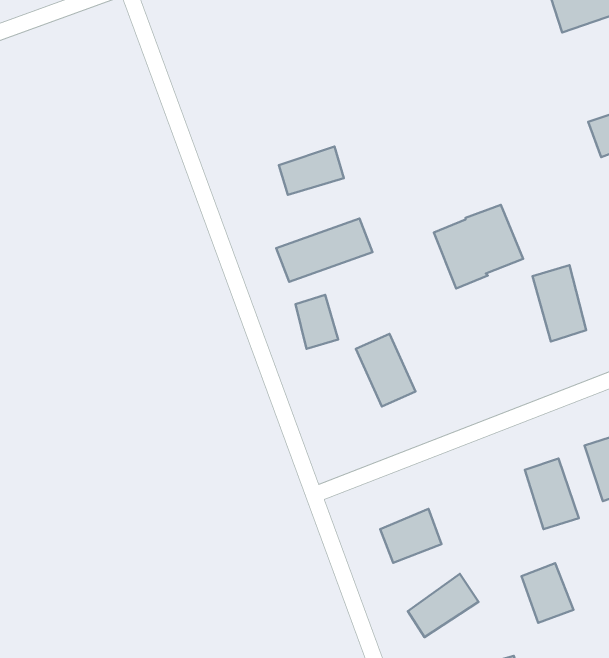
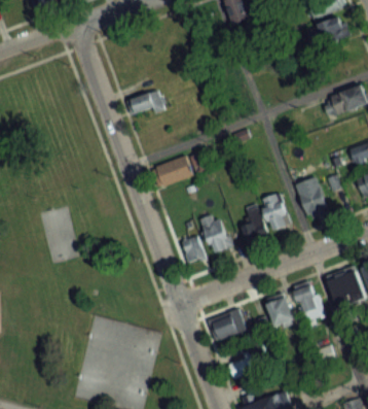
building: [279,146,344,195] -> [127,90,163,116]
building: [434,205,523,288] -> [241,194,290,240]
building: [295,295,338,349] -> [181,235,205,265]
building: [522,563,574,623] -> [265,295,294,328]

